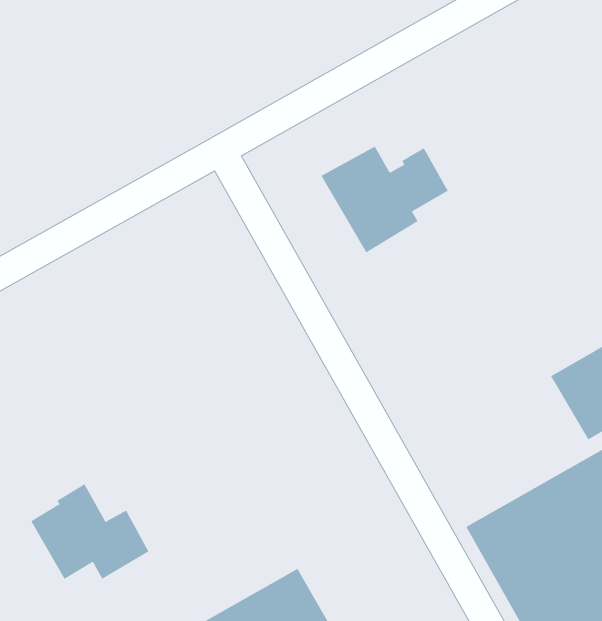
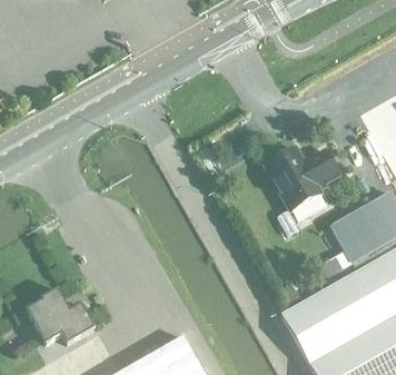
building: [321,146,449,253] -> [264,148,339,211]

